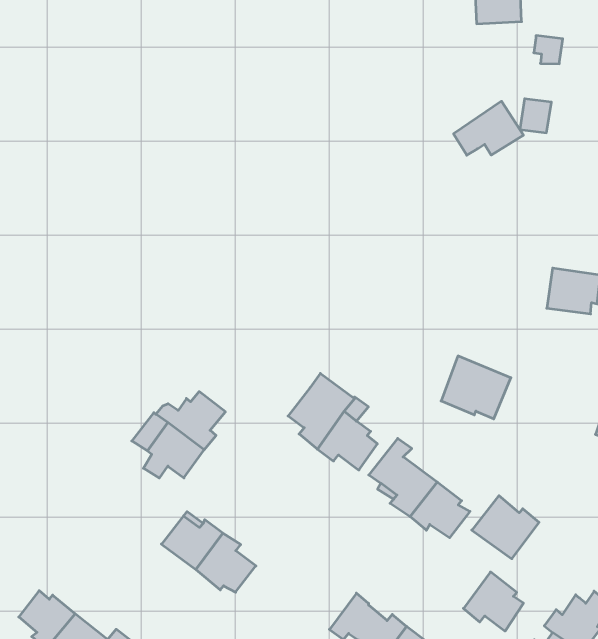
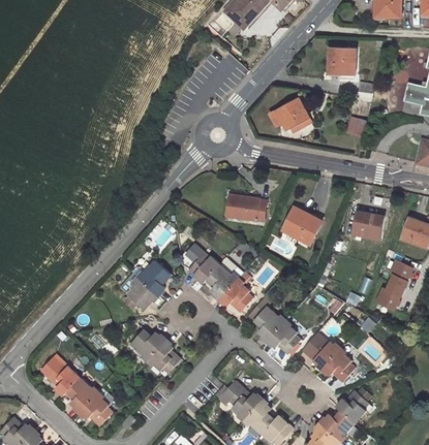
building: [454,101,523,155] -> [270,98,308,127]
building: none -> [225,196,267,220]
building: [441,356,511,419] -> [282,206,321,243]
building: none -> [188,252,219,282]
building: [463,572,523,631] -> [321,349,355,382]

